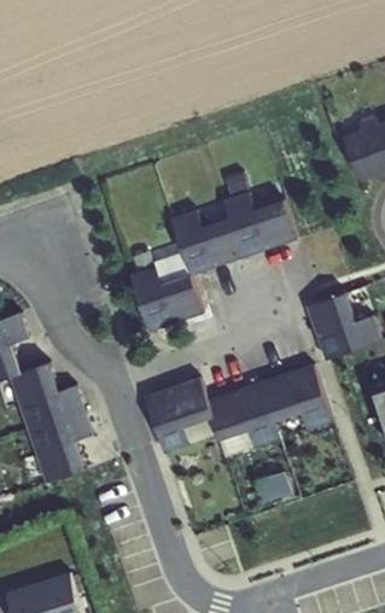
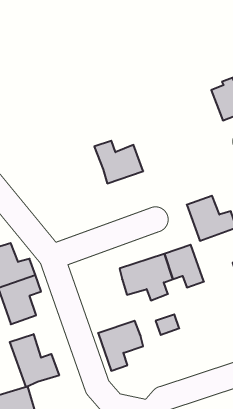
building: [223,193,297,257] -> none
building: [130,255,203,332] -> none
building: [145,379,211,453] -> [98,321,143,371]
building: none -> [10,334,59,387]

